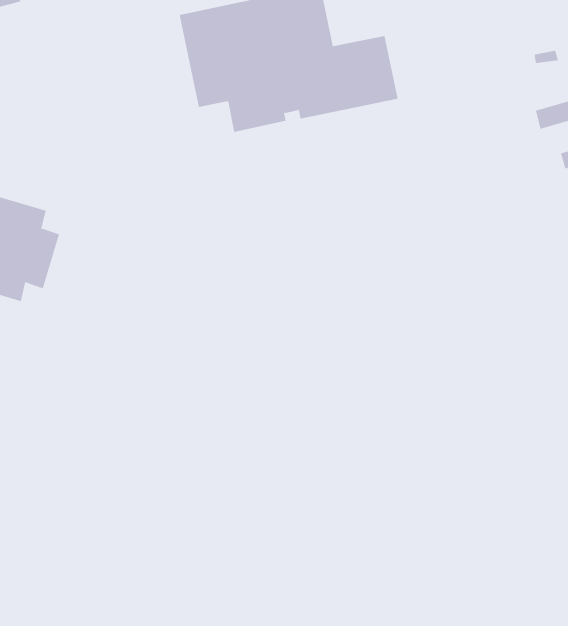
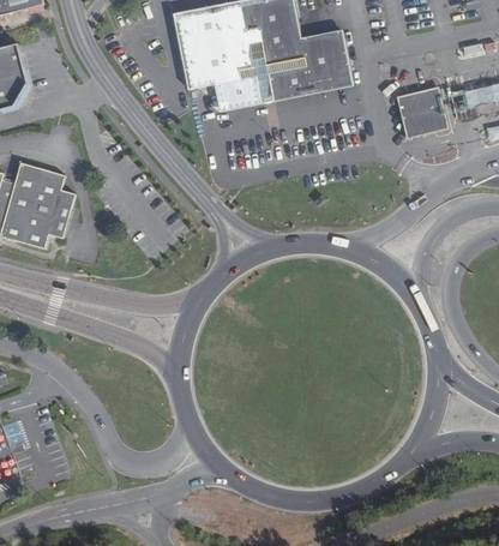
building: none -> [396,86,445,137]

